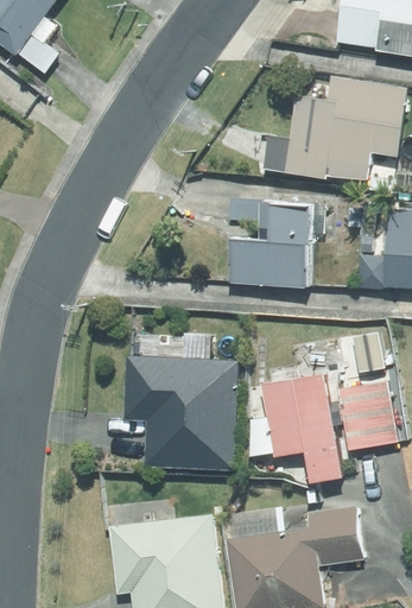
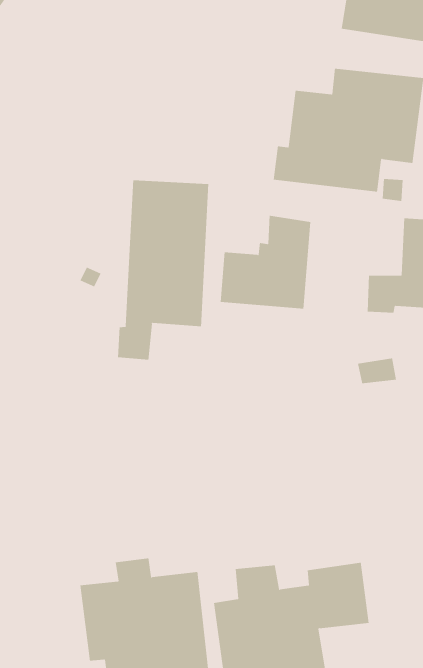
building: none -> [117,179,209,361]
building: [121,338,239,471] -> none
building: [260,372,397,479] -> none

